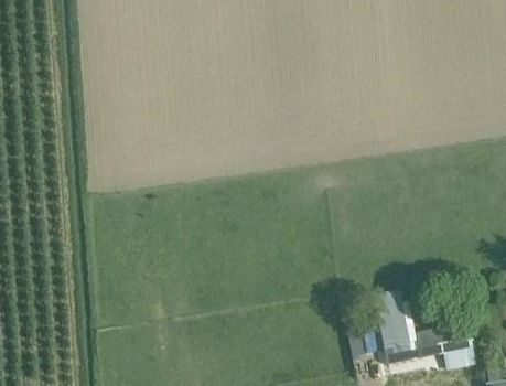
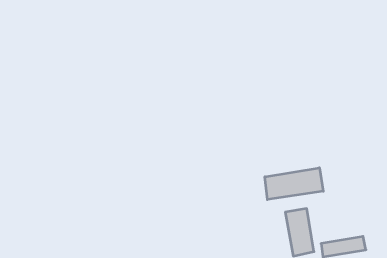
building: none -> [265,168,323,200]

